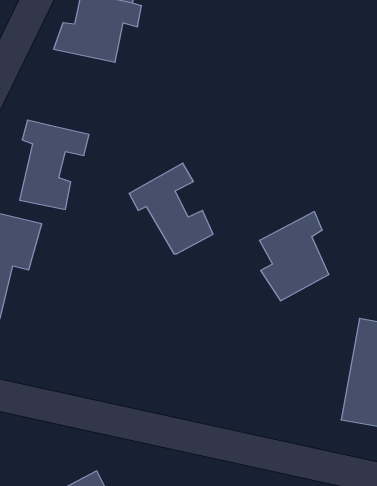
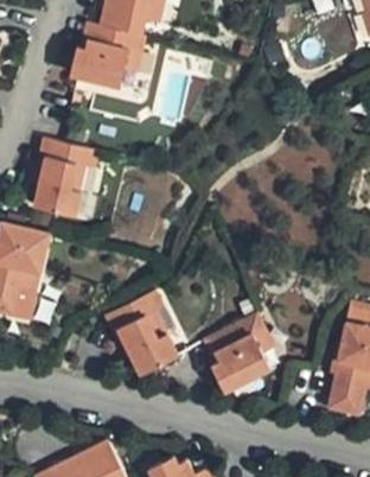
building: [129,163,213,254] -> [107,292,183,374]
building: [259,212,329,301] -> [208,305,270,386]

